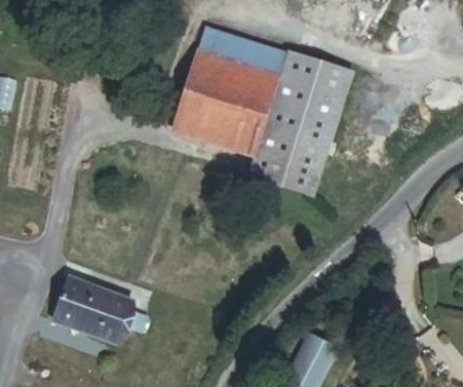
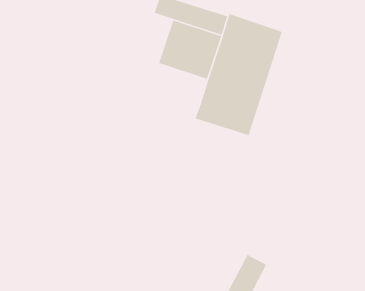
building: [173,48,264,154] -> none
building: [54,275,149,342] -> none

